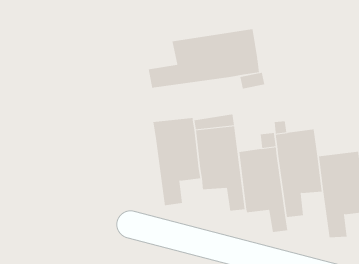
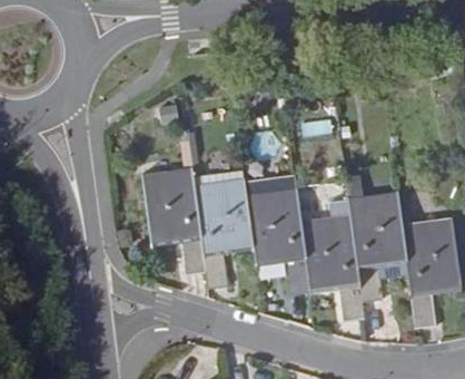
building: [148,28,260,88] -> none
building: none -> [142,166,206,272]

